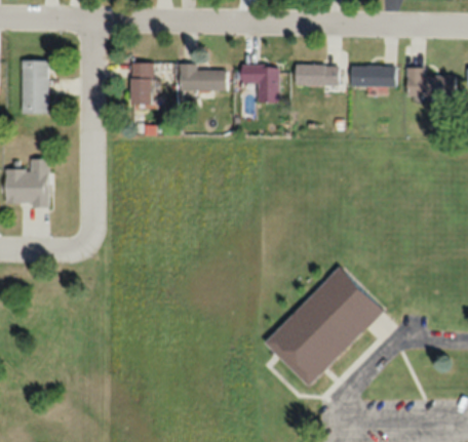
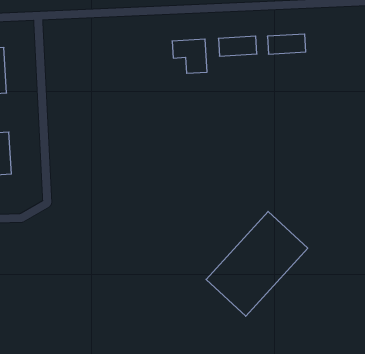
building: [131,63,153,104] -> none
building: [181,64,226,91] -> none
building: [406,68,454,94] -> none

